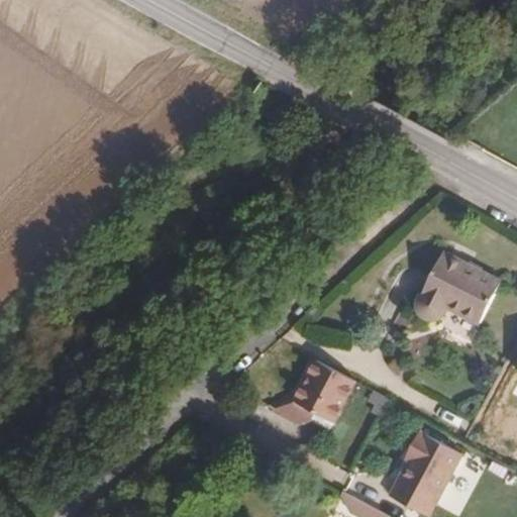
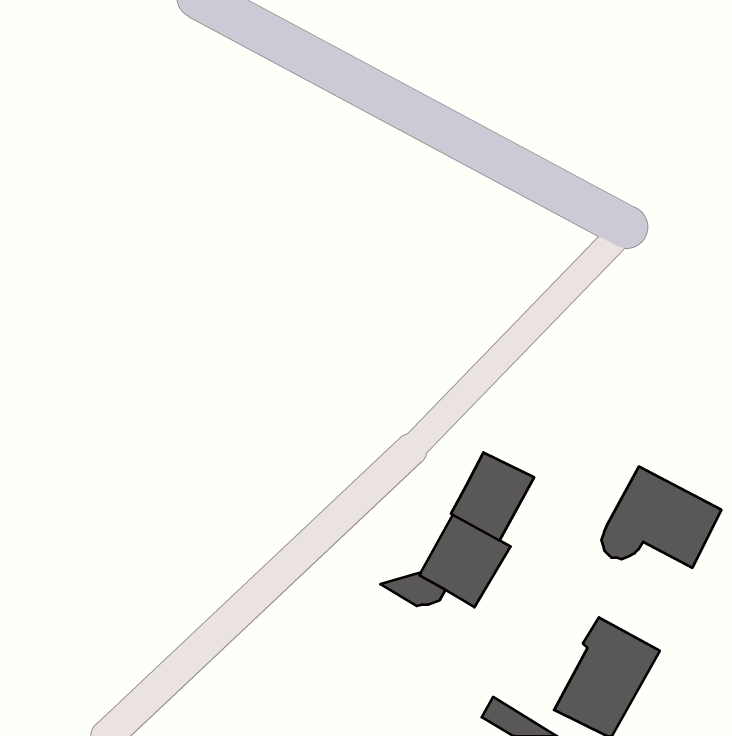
building: [414,253,498,324] -> [601,467,721,568]
building: none -> [451,452,534,540]

